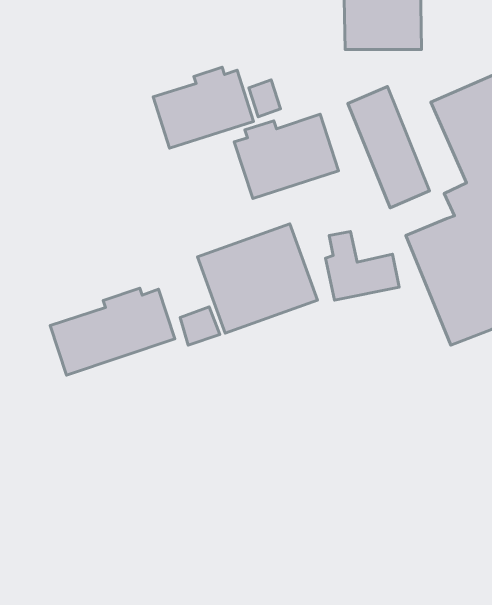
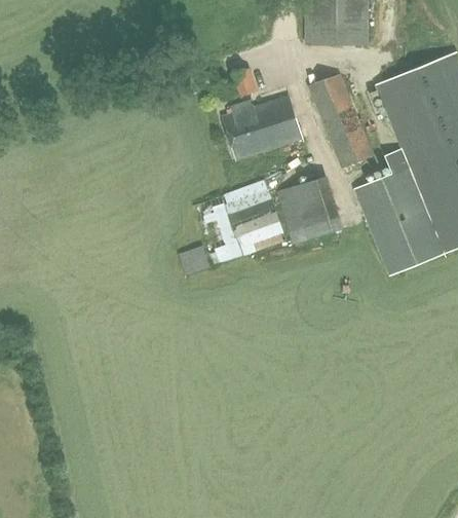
building: [153,67,253,148] -> none
building: [50,288,175,375] -> none

